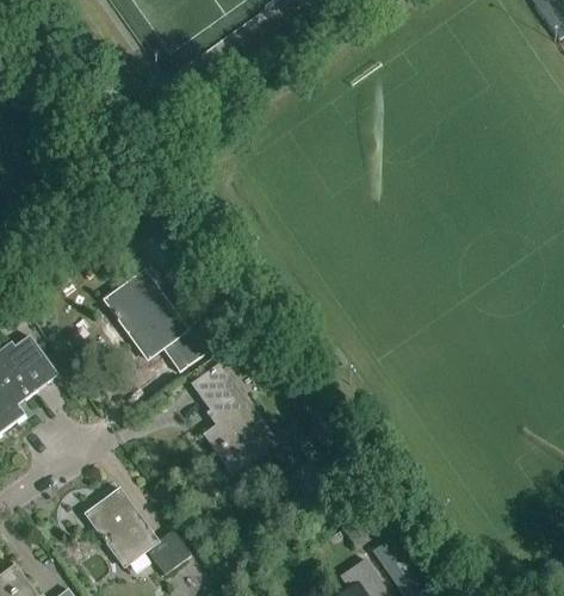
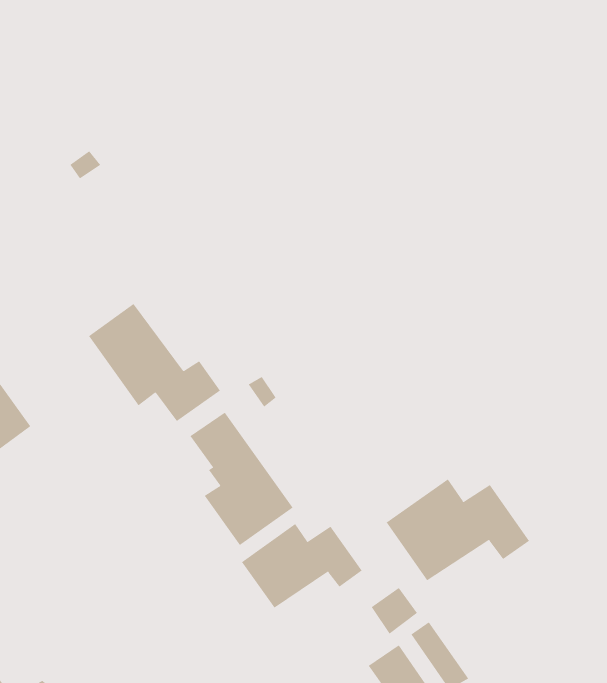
building: none -> [386,478,530,581]
building: none -> [241,523,363,609]
building: [83,486,190,573] -> none

